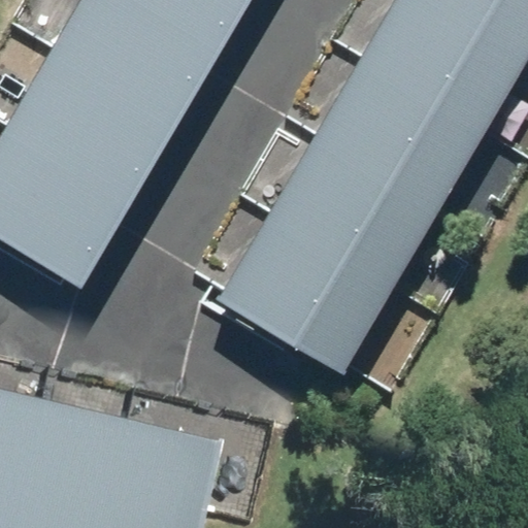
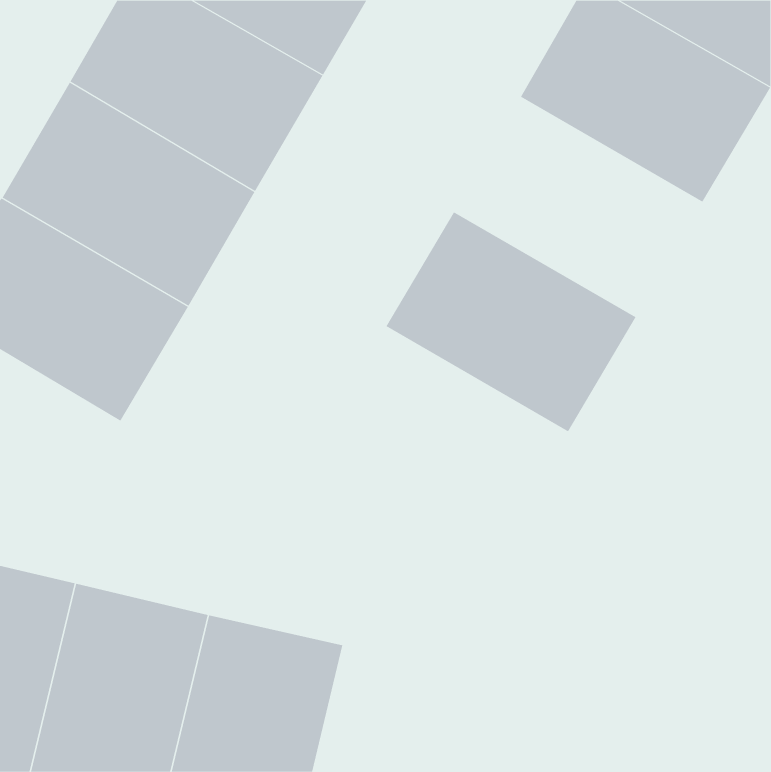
building: [309,66,480,217] -> none
building: [218,223,388,373] -> none

